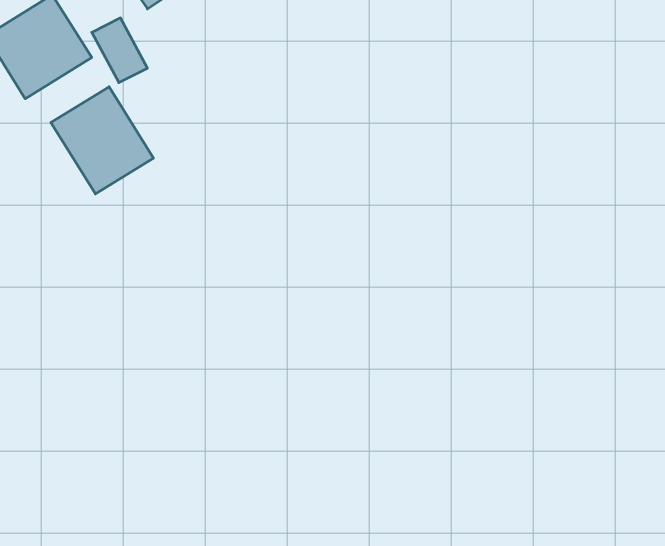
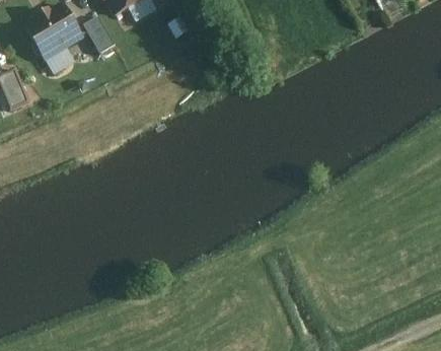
building: [51,87,153,194] -> none

